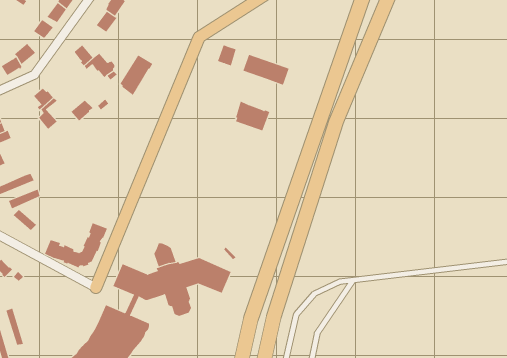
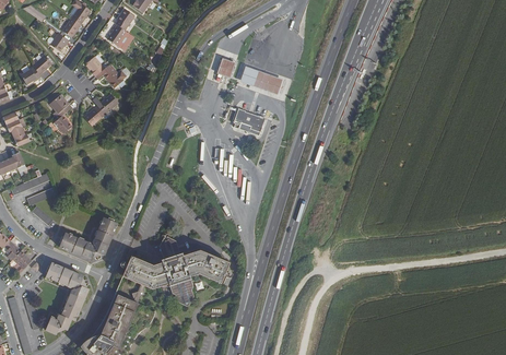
building: [119,55,153,96] -> none
building: none -> [45,262,86,333]

